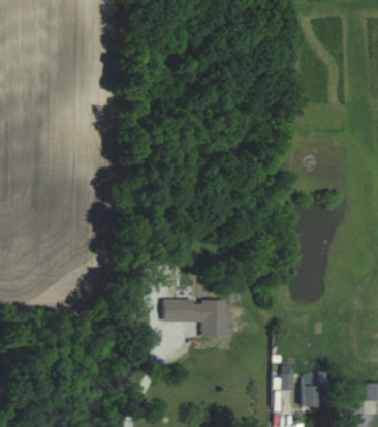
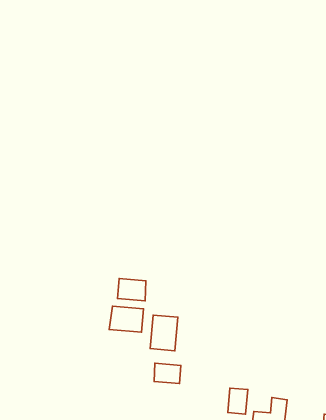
building: none -> [117,278,146,301]
building: none -> [154,363,181,384]

